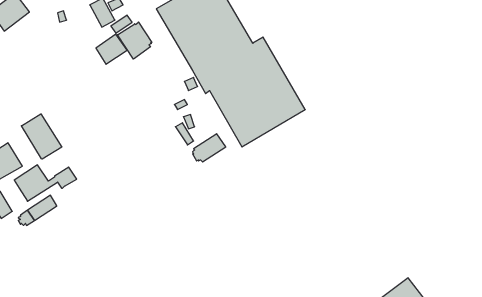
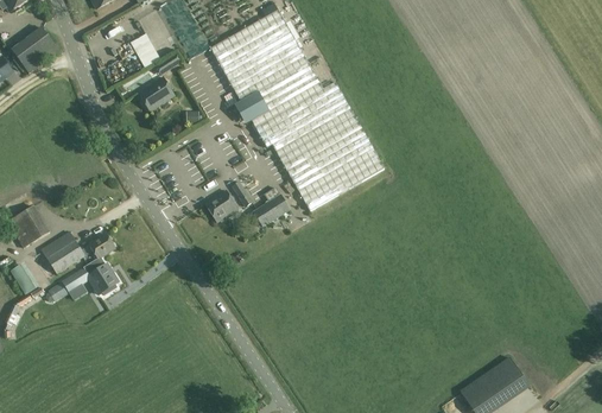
building: [117,22,152,59] -> none
building: [21,114,62,159] -> none
building: none -> [205,190,239,221]
building: none -> [84,255,119,290]

